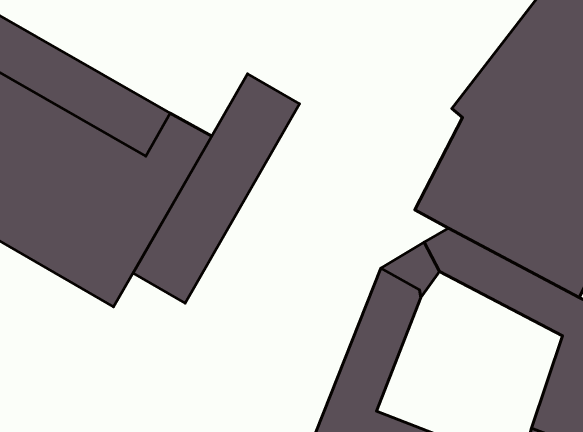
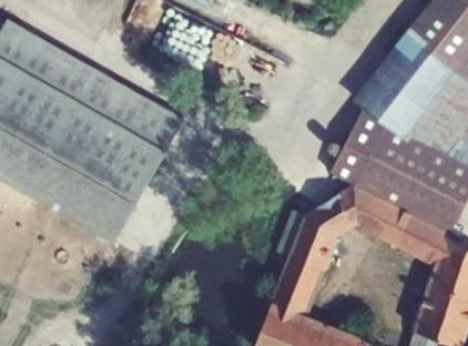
building: [133,74,299,303] -> none

